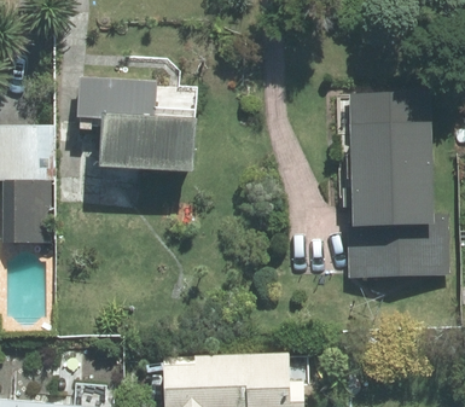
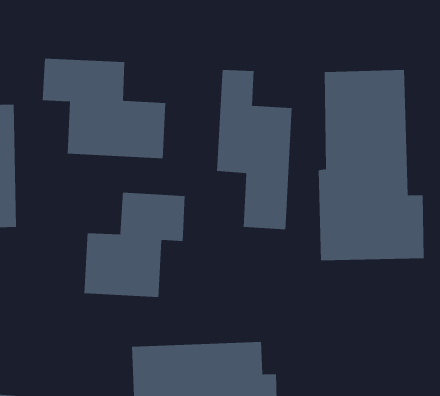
building: none -> [217,69,292,230]
building: none -> [84,192,185,298]

